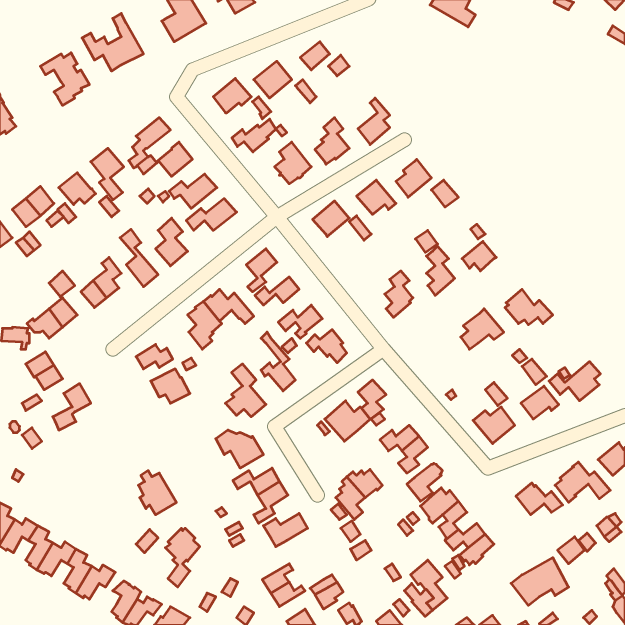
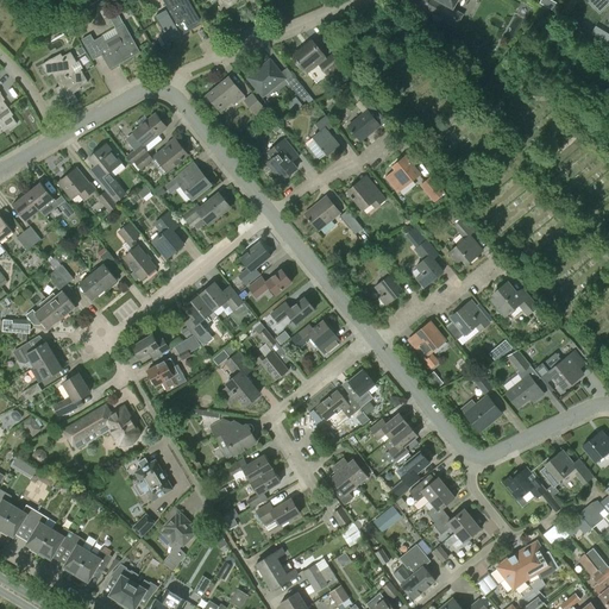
building: [232,119,276,152] -> none
building: none -> [408,321,444,366]
building: none -> [63,404,138,447]

